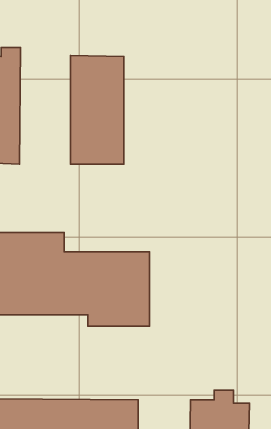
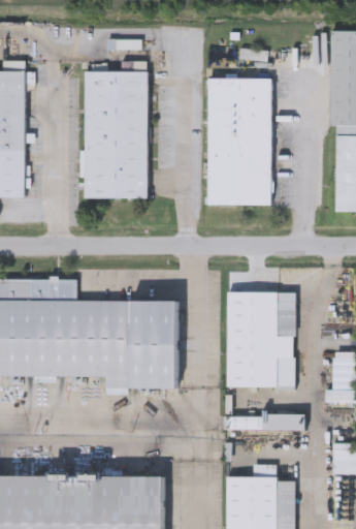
building: none -> [207,79,271,205]
building: none -> [227,292,295,388]
building: none -> [229,415,304,430]

